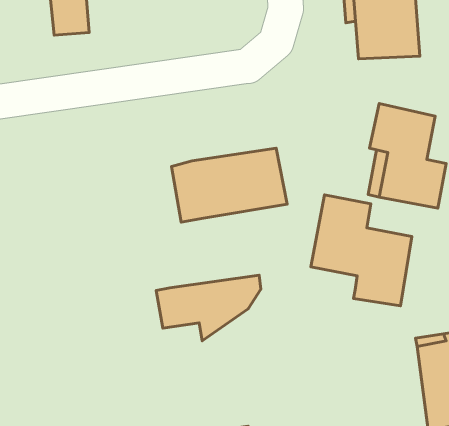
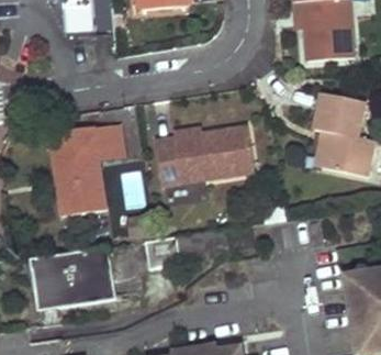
building: none -> [51,123,126,214]
building: [311,195,412,306] -> none
building: none -> [32,244,113,307]

